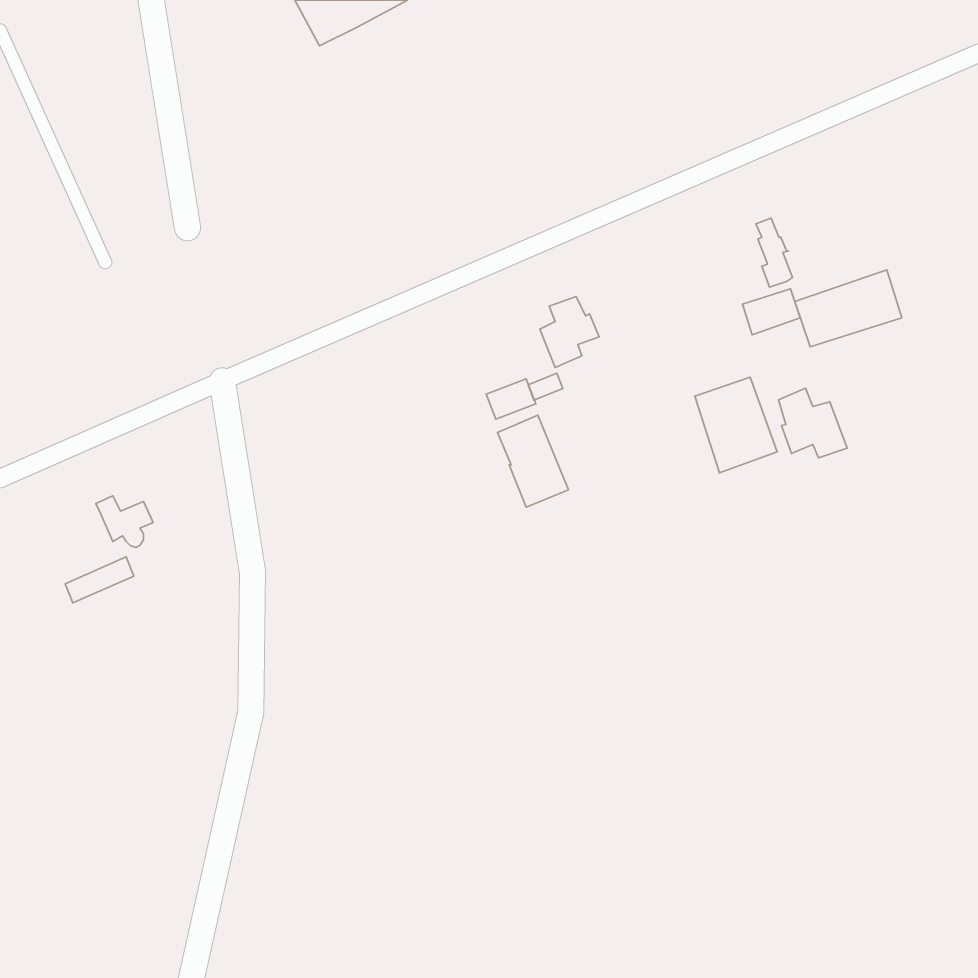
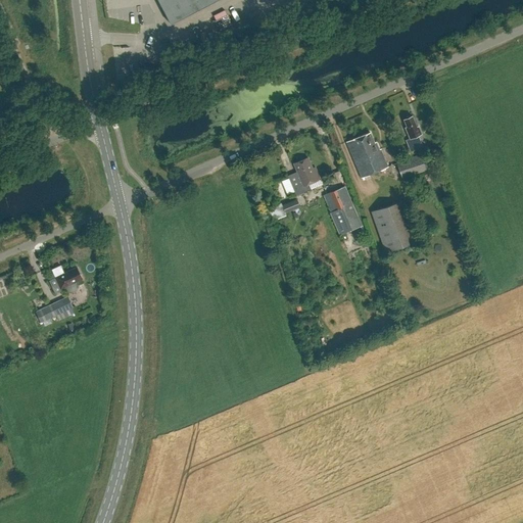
building: none -> [346,133,387,178]
building: [795,270,902,347] -> none
building: [778,388,847,458] -> none
building: [498,415,568,507] -> [324,186,362,235]

